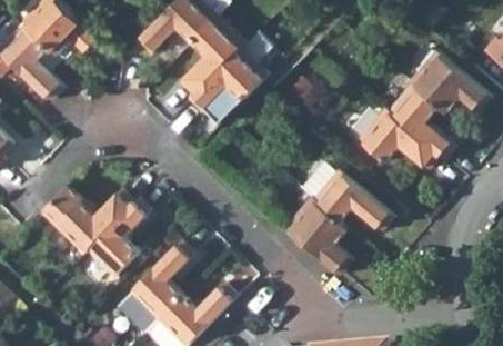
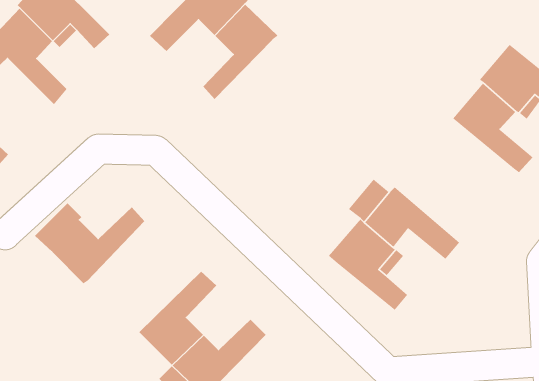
building: [183,48,264,125] -> none
building: [355,110,436,170] -> none
building: [82,195,147,276] -> none

